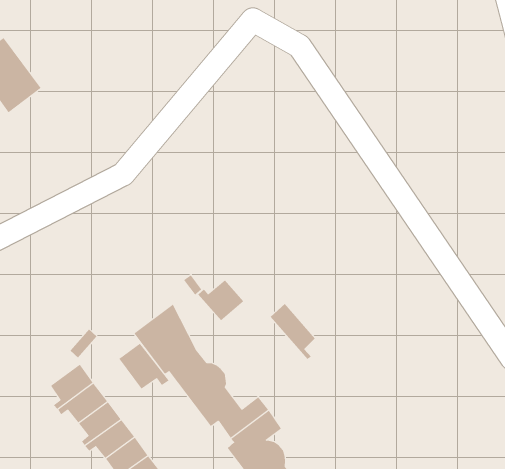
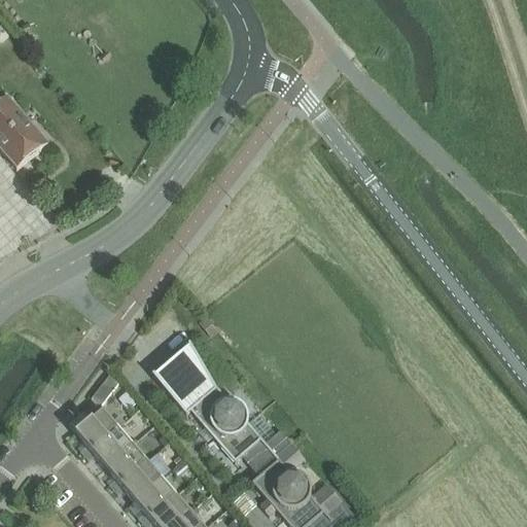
building: [197,279,244,321] -> none
building: [270,303,316,360] -> none
building: [118,343,169,390] -> none

